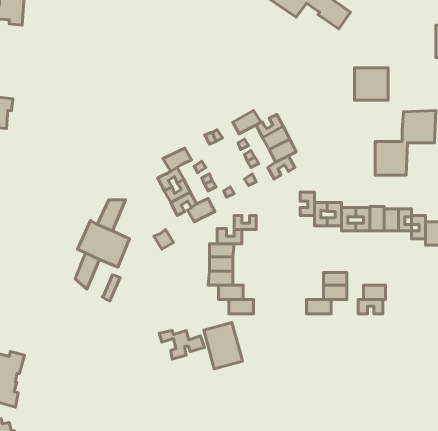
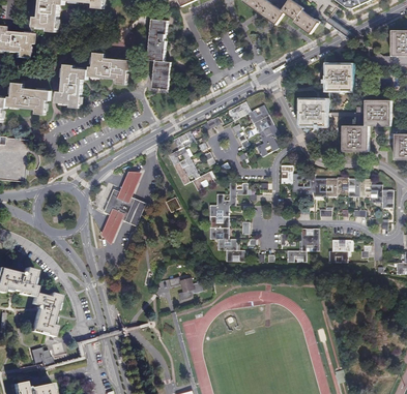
building: none -> [149,20,173,90]
building: none -> [58,52,133,108]
building: none -> [299,100,325,125]
building: [204,323,242,369] -> none

